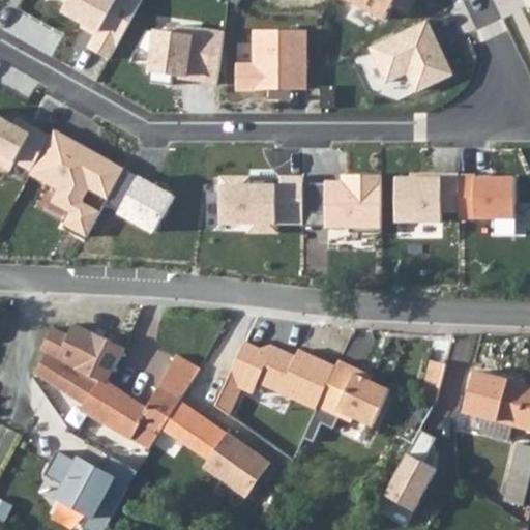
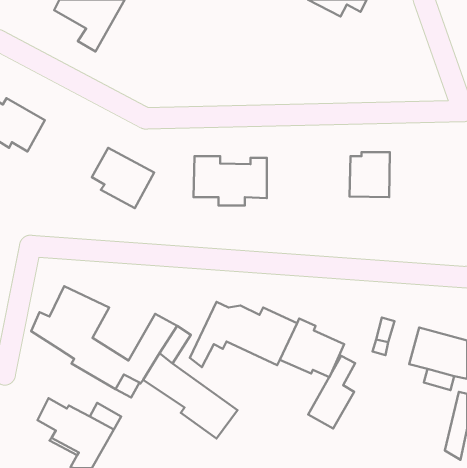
building: [370,21,449,89] -> none
building: [137,25,223,85] -> none
building: [234,29,303,90] -> none
building: [33,131,122,235] -> none
building: [459,173,512,216] -> none
building: [301,174,380,232] -> none
building: [383,428,436,509] -> [308,356,355,428]

